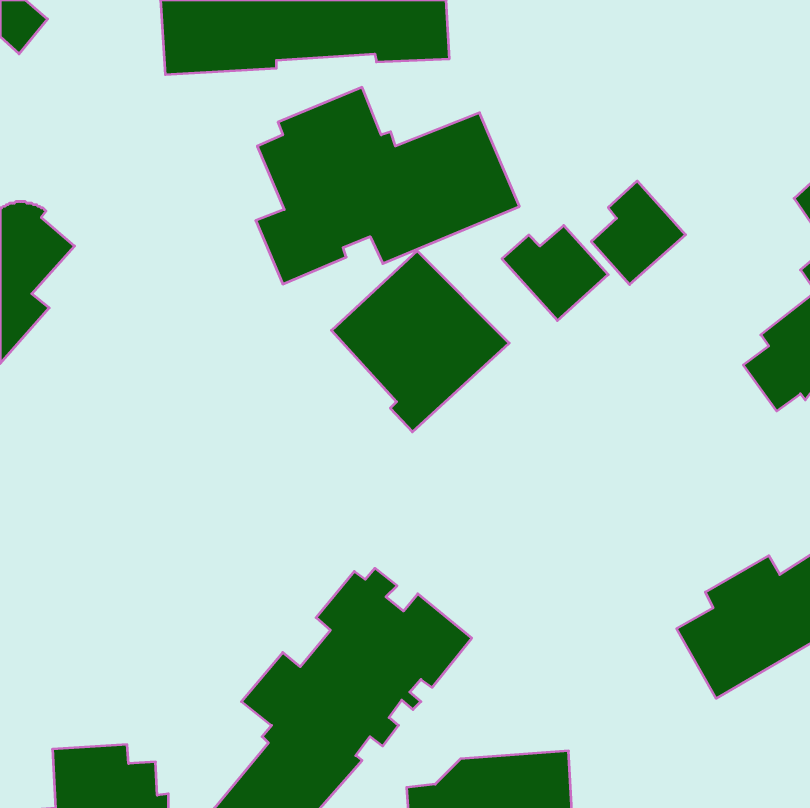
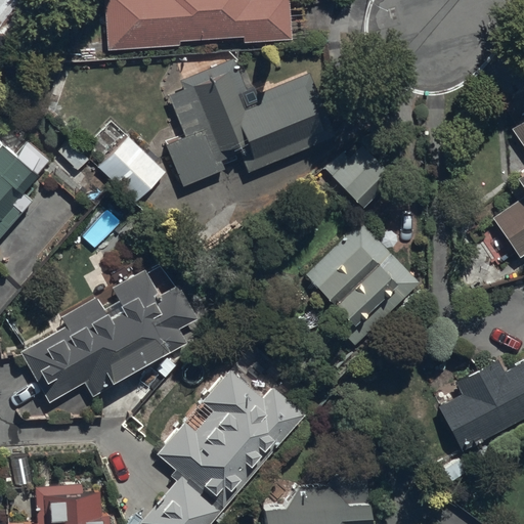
building: [591,181,686,285] -> none
building: none -> [97,137,164,203]
building: [331,251,509,432] -> [305,223,420,340]
building: none -> [20,264,195,403]

